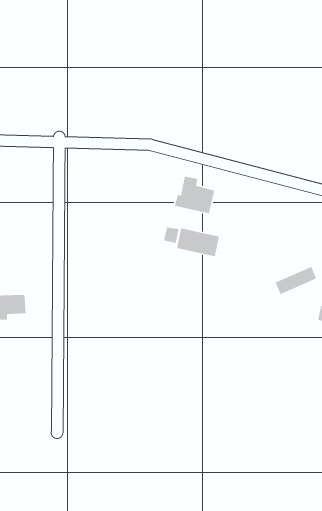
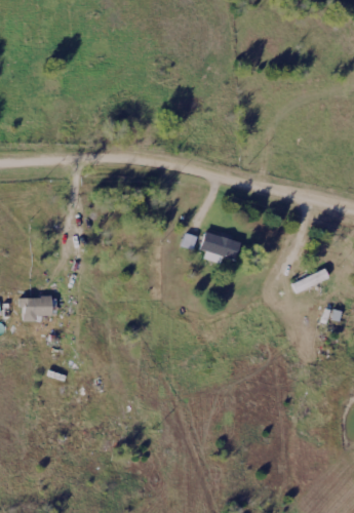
building: [174,176,215,214] -> none

